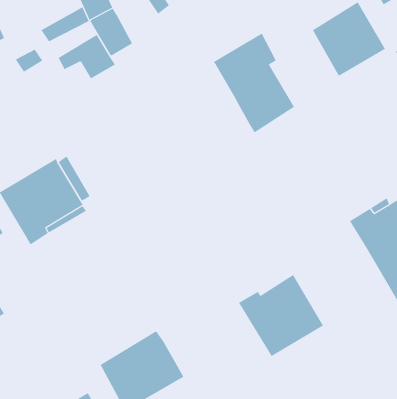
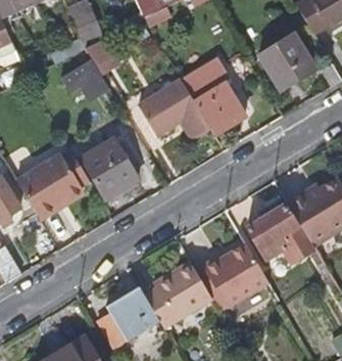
building: none -> [141,79,210,142]
building: none -> [82,138,137,198]
building: none -> [247,199,313,262]
building: none -> [143,261,211,329]

